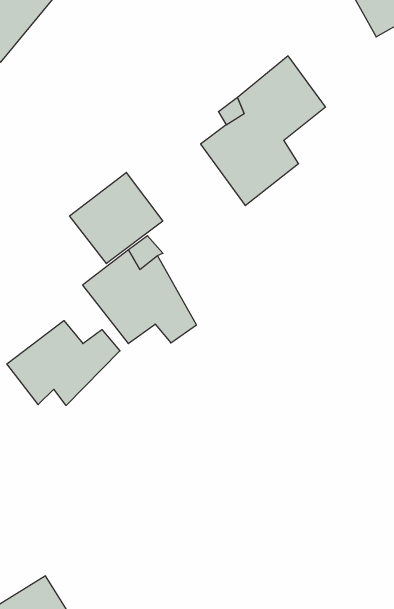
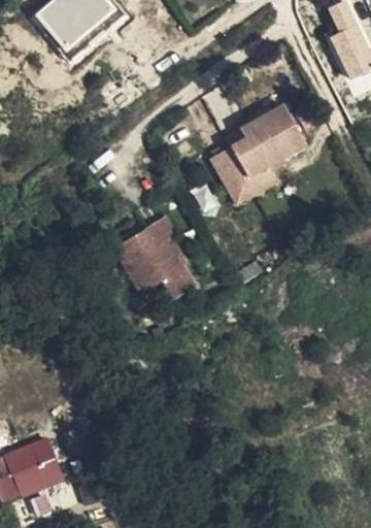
building: [70,172,163,264] -> none
building: [7,321,120,405] -> none

